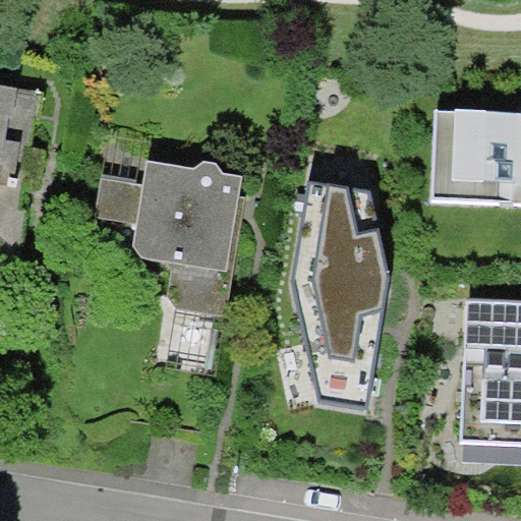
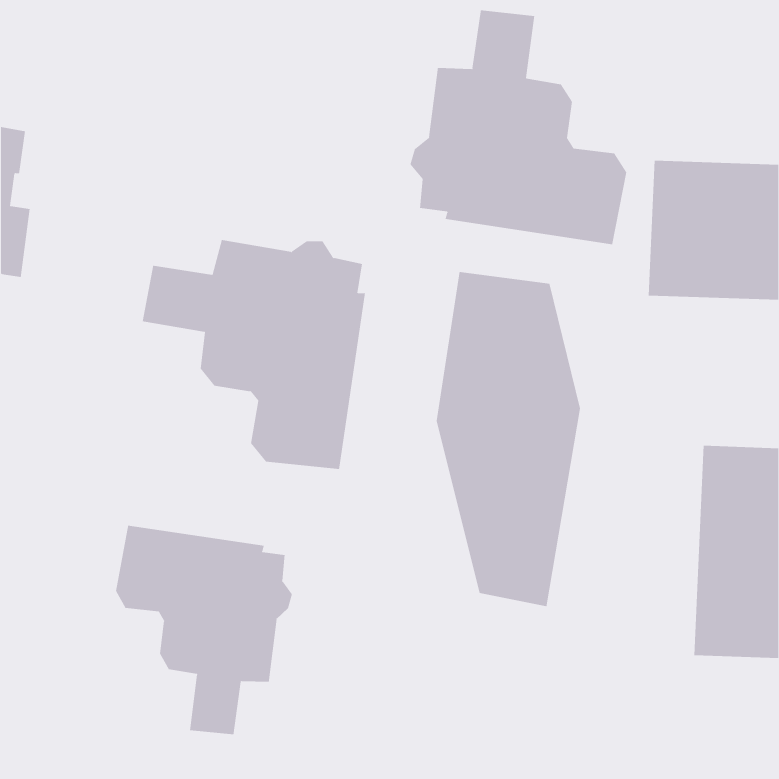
building: none -> [410,10,627,245]
building: none -> [115,525,293,735]

